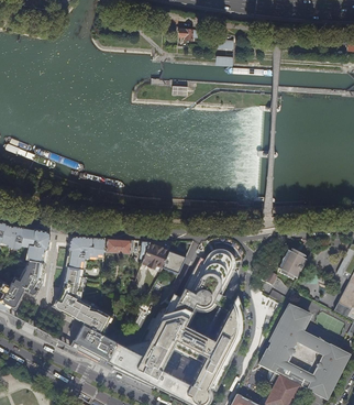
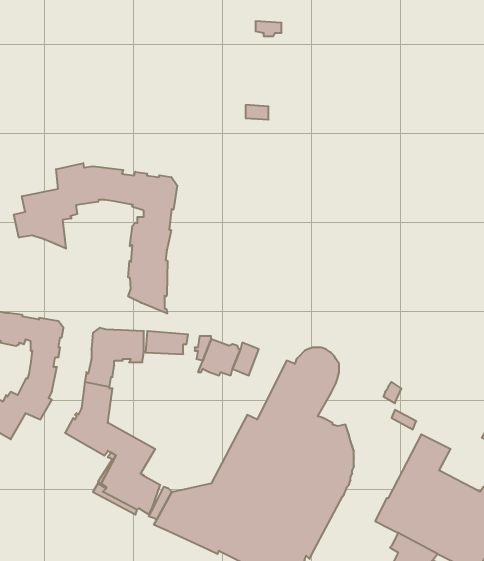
building: none -> [14,163,177,314]
building: [278,250,307,277] -> none

